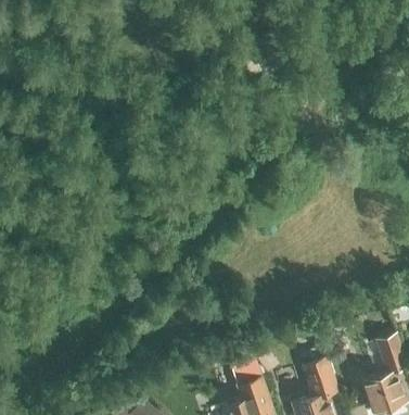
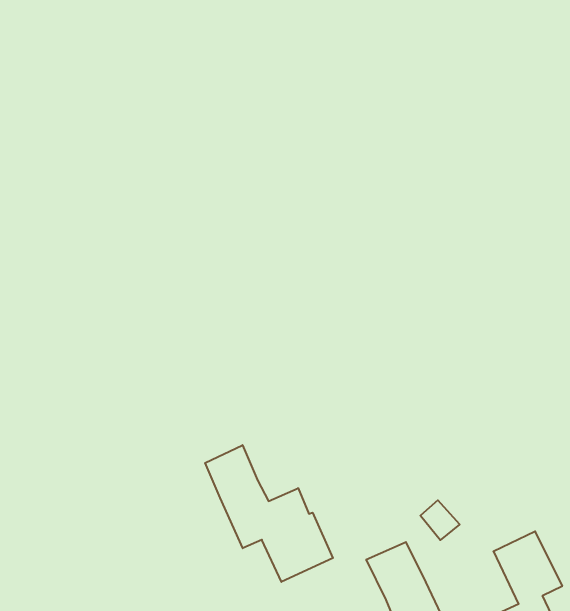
building: none -> [205,445,333,582]

